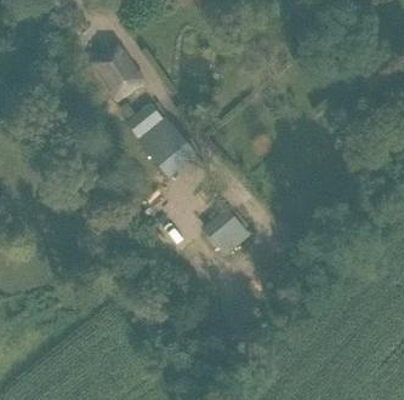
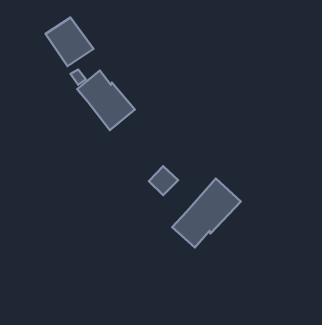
building: none -> [172,178,241,248]

